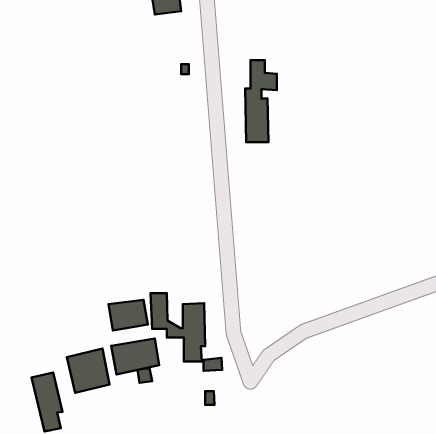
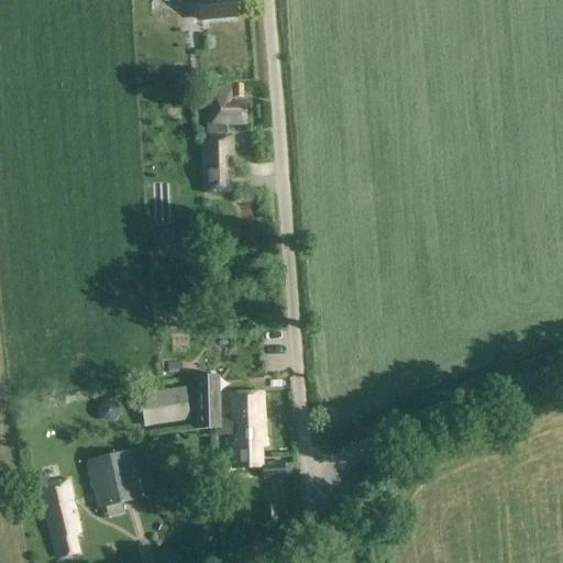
building: [245,60,277,142] -> [205,84,245,189]
building: [111,338,159,374] -> none

